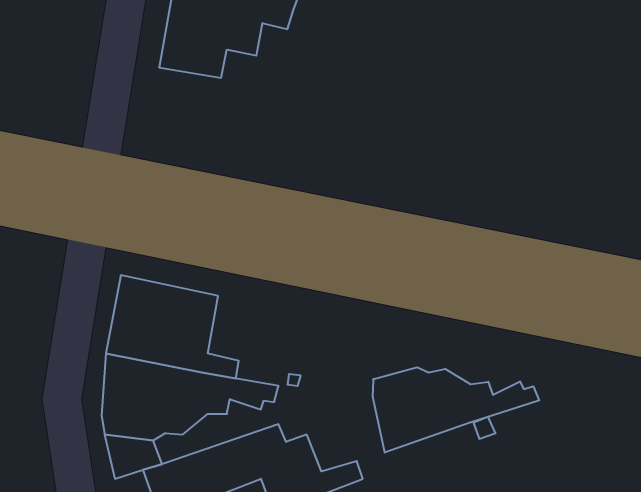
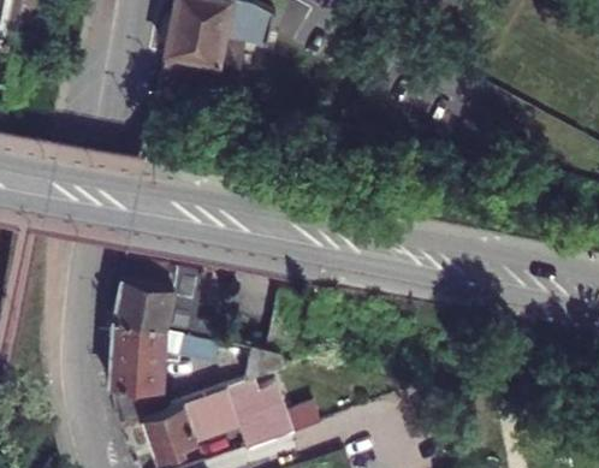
building: [373,367,539,453] -> none

